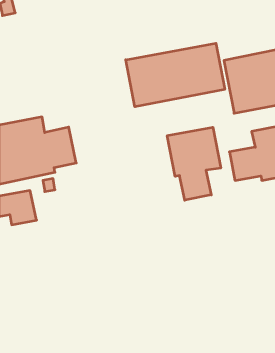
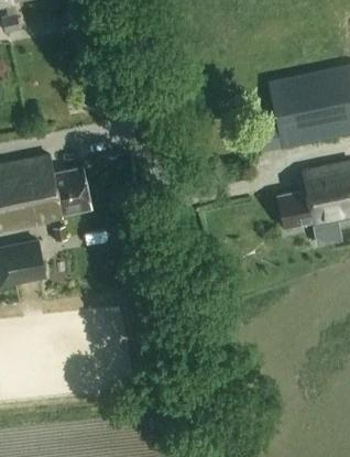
building: [126,43,225,107] -> none
building: [167,127,221,200] -> none

